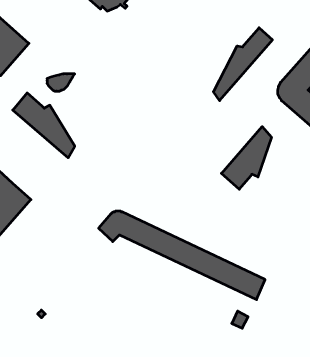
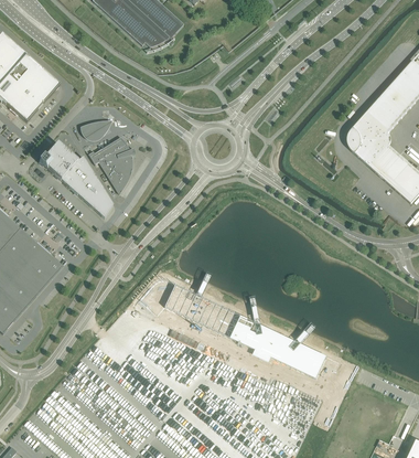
building: [213,28,272,101] -> none
building: none -> [88,136,135,193]
building: [221,127,271,189] -> none

